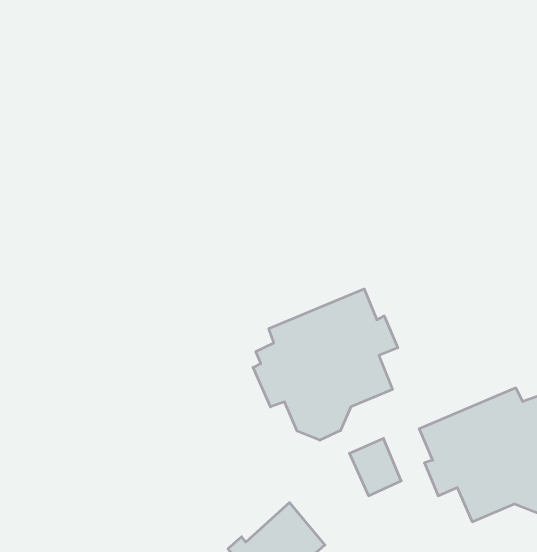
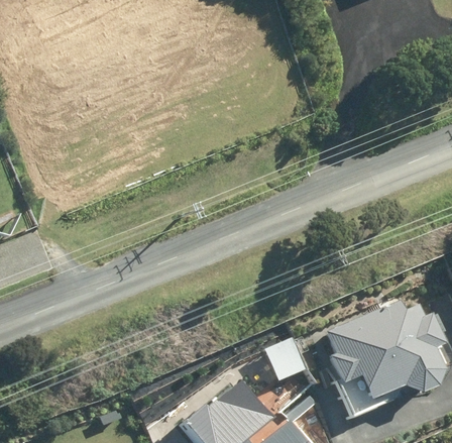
building: [253,289,398,440] -> none

